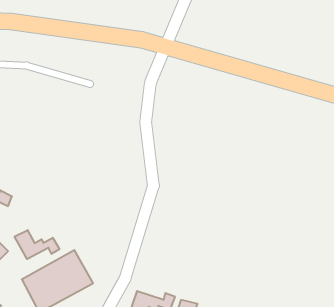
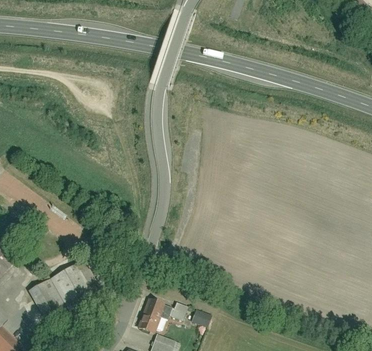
building: [15,230,59,259] -> none

